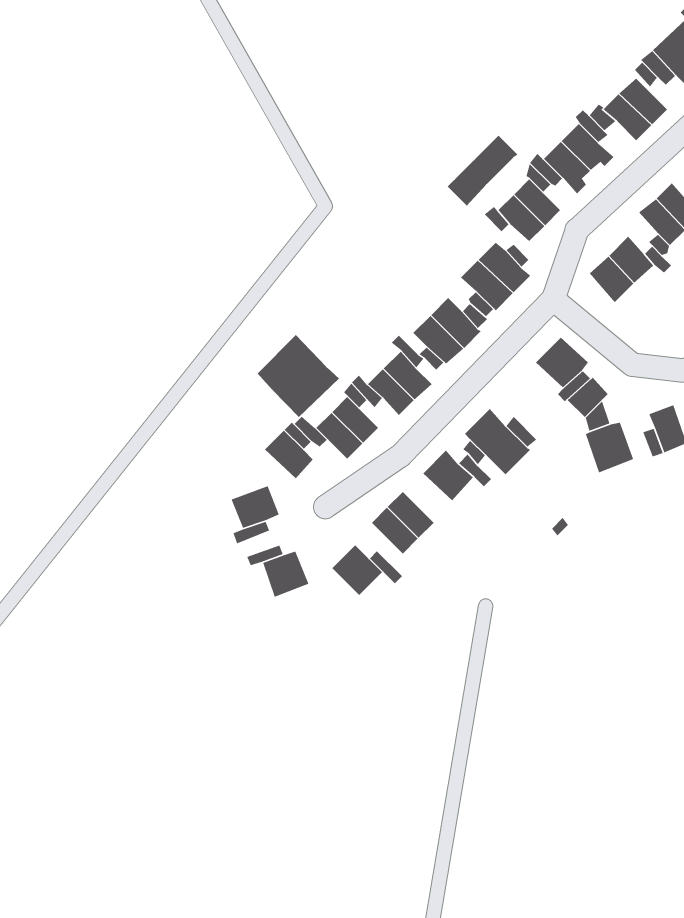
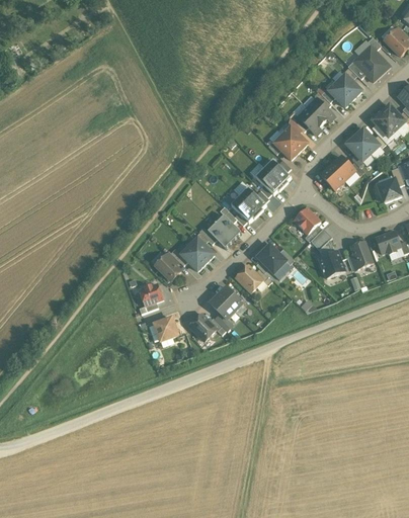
building: [447,135,518,206] -> none
building: [257,334,340,418] -> none

